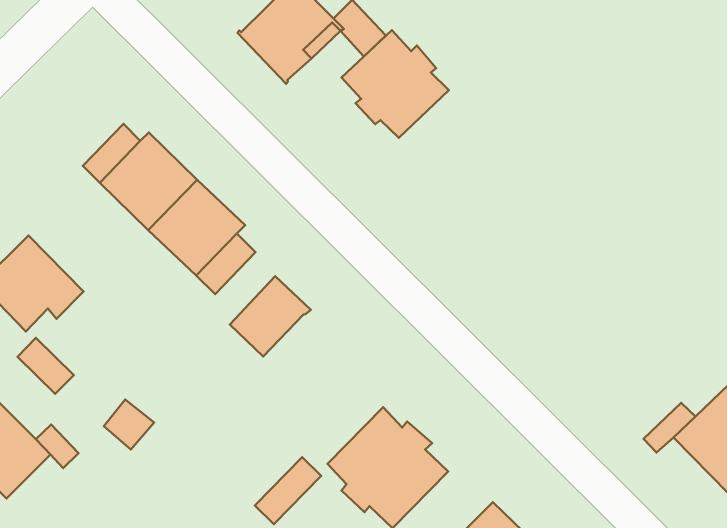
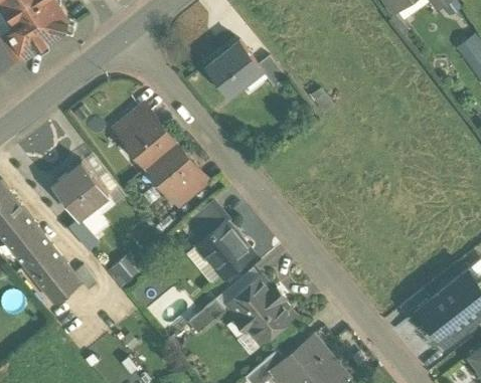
building: [342,30,449,138] -> none
building: none -> [196,222,251,277]

